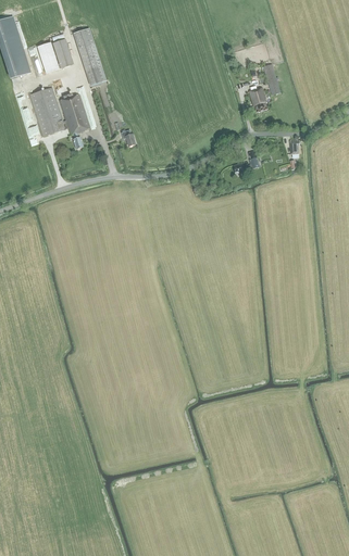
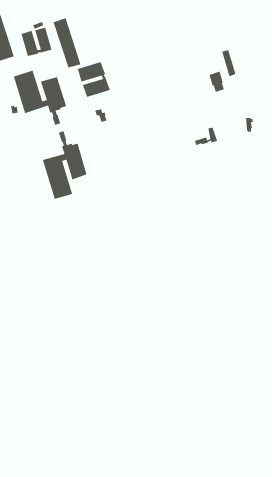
building: none -> [77,61,111,98]
building: none -> [42,130,88,200]

